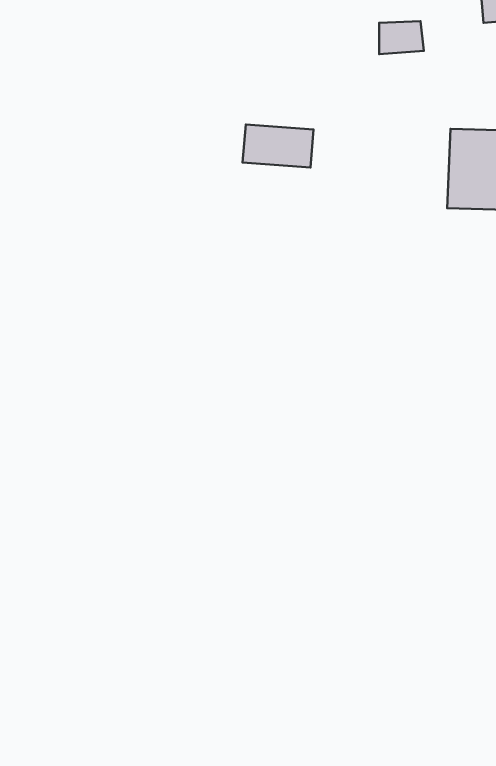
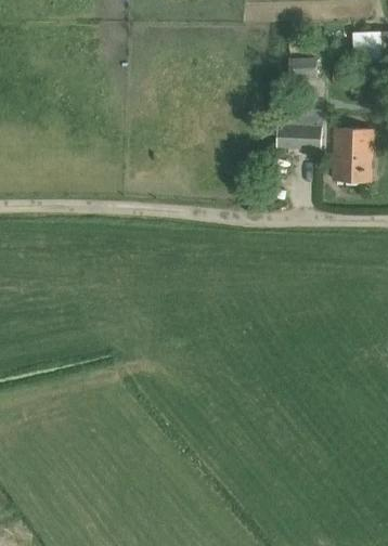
building: [242,125,314,168] -> [275,122,322,151]

